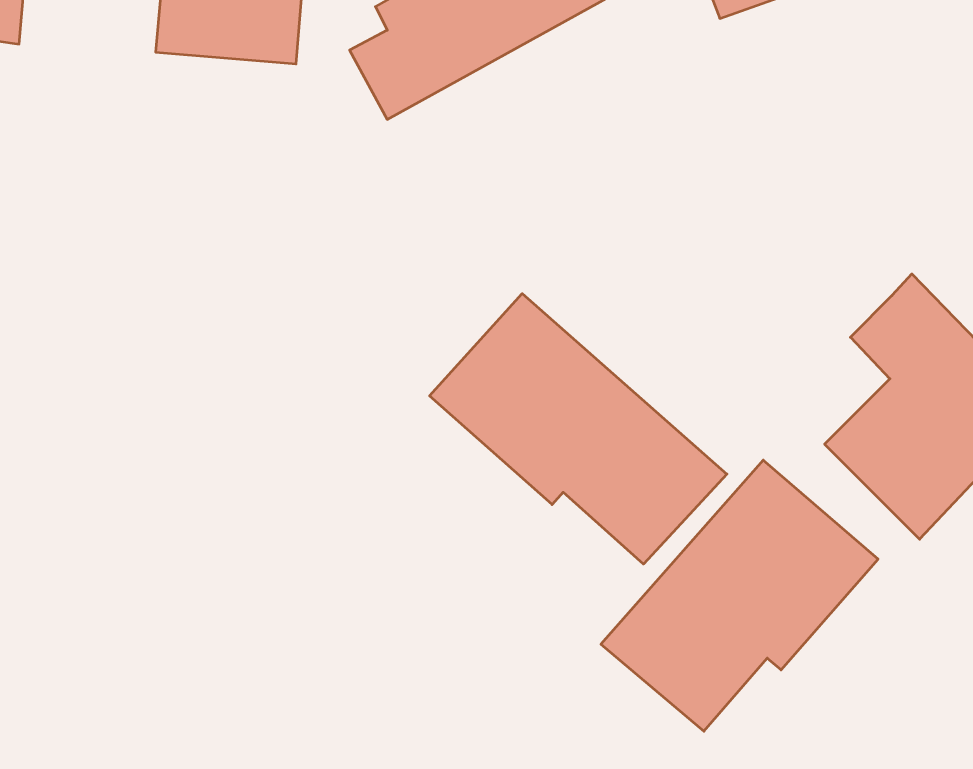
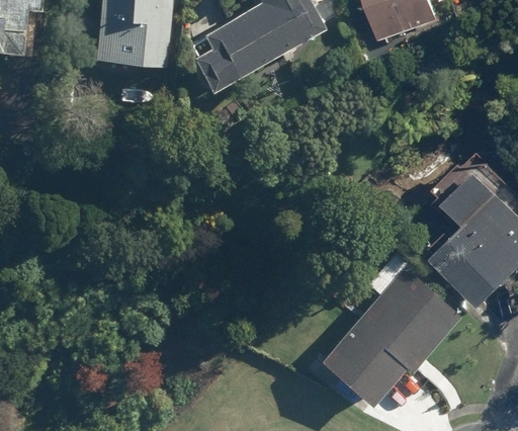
building: [430,294,727,564] -> none

